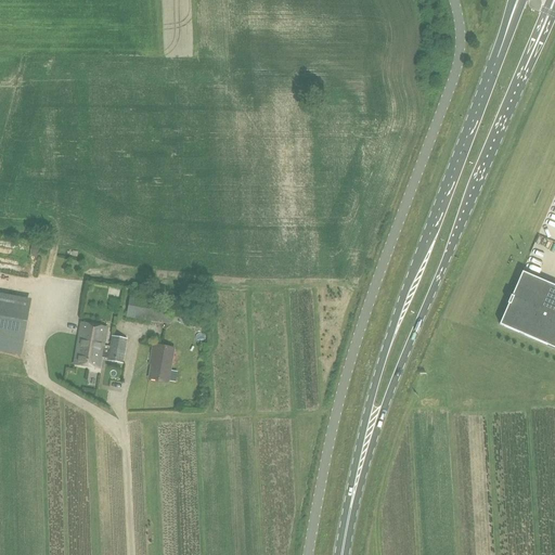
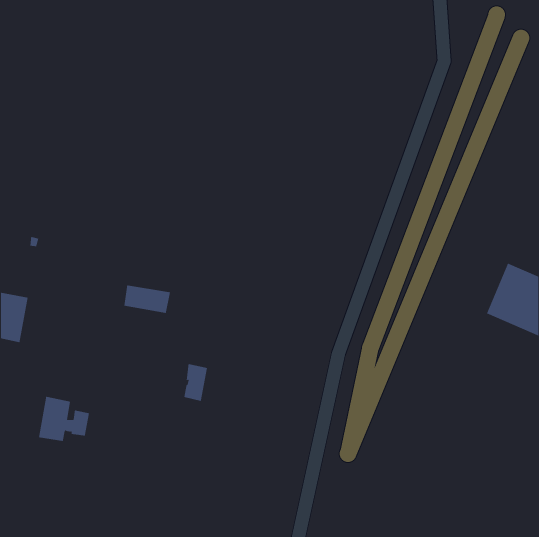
building: [74,320,127,366] -> [38,396,90,442]
building: [151,341,176,380] -> [184,364,208,402]

